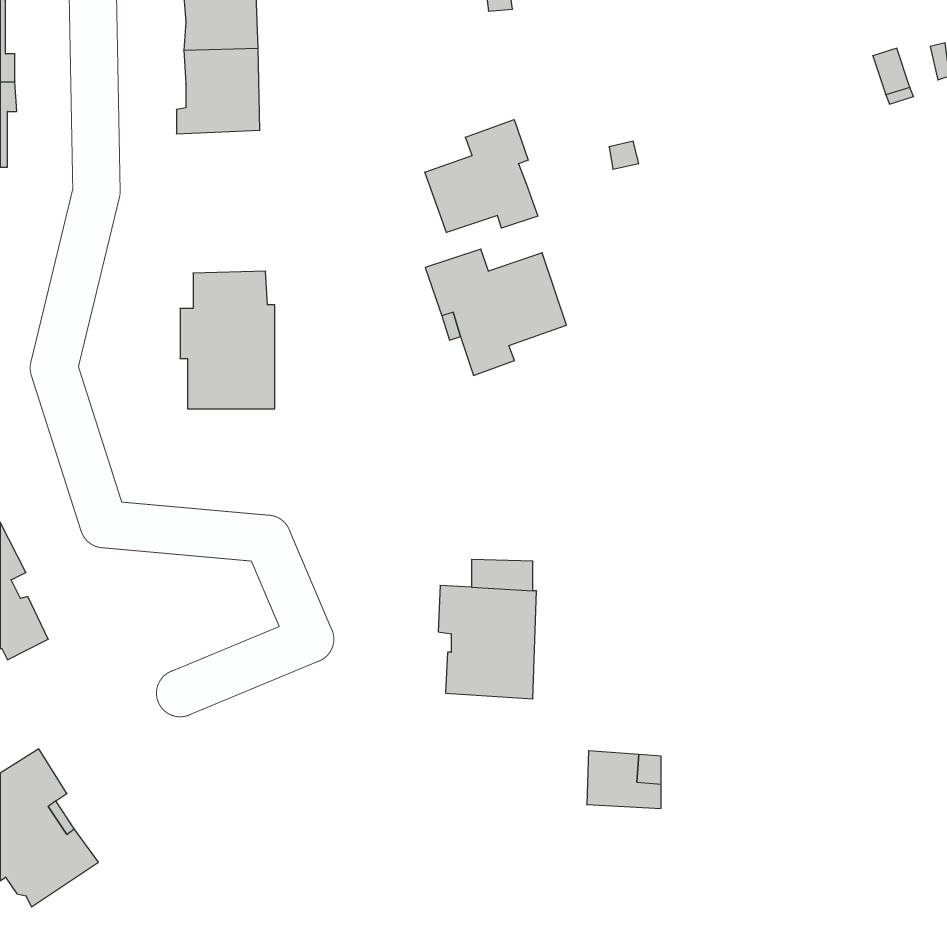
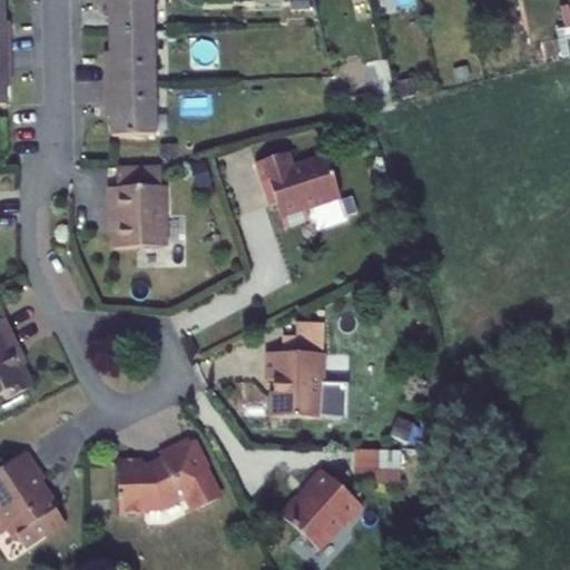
building: [425,120,538,233] -> none
building: none -> [107,78,158,134]
building: none -> [115,435,214,511]
building: none -> [276,469,361,550]

